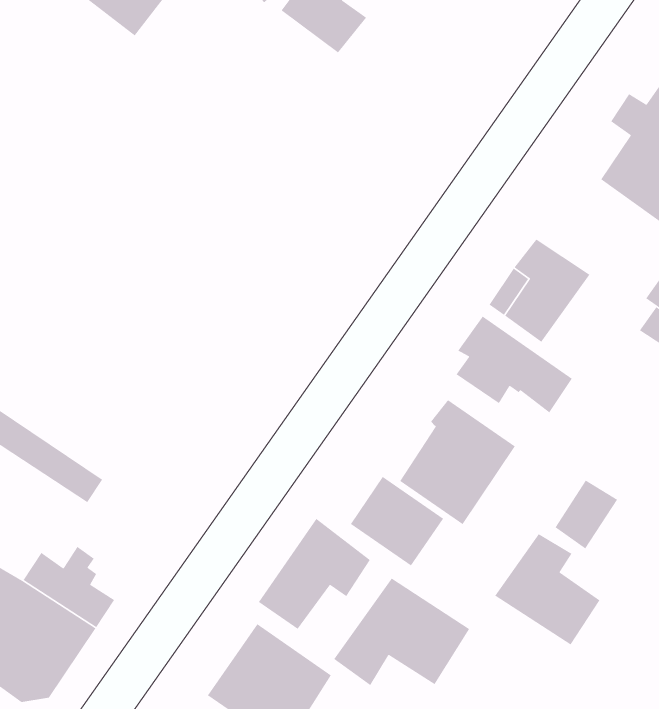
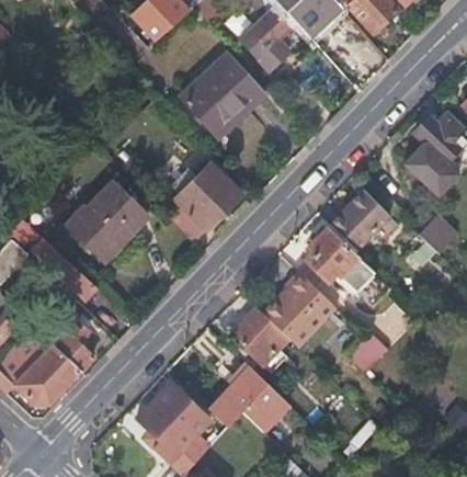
building: none -> [186,56,259,126]
building: none -> [168,162,241,240]
building: none -> [69,179,152,248]
building: [258,518,371,630] -> none
building: [494,533,600,646] -> none

